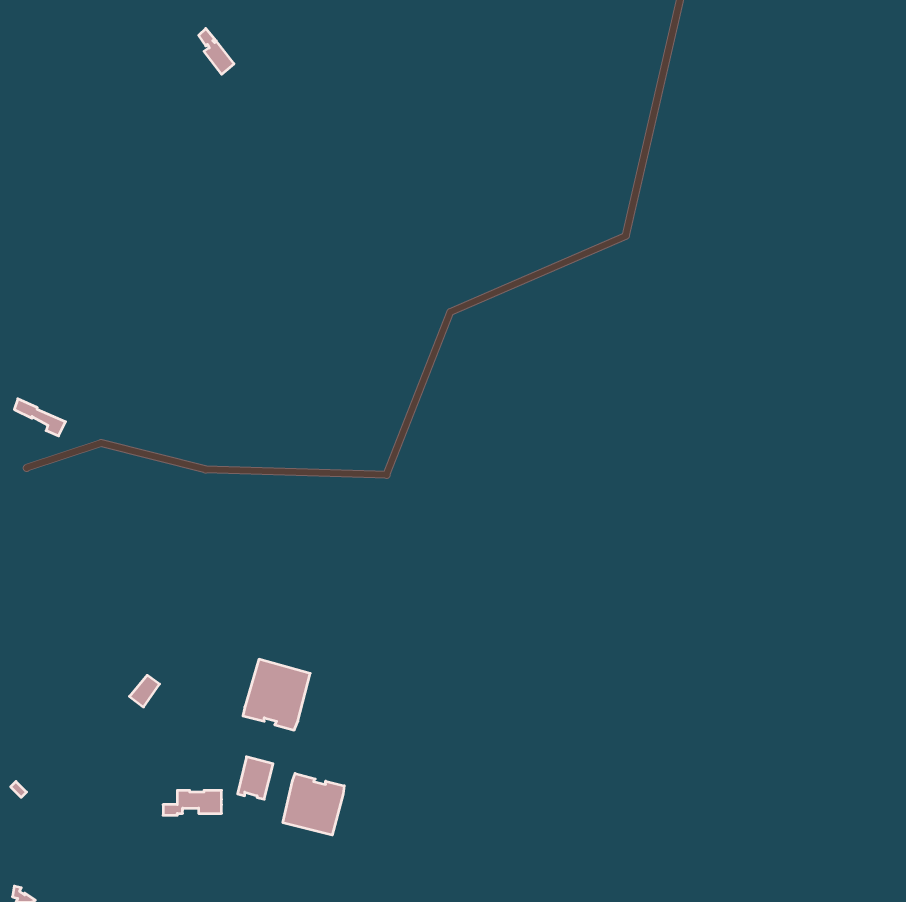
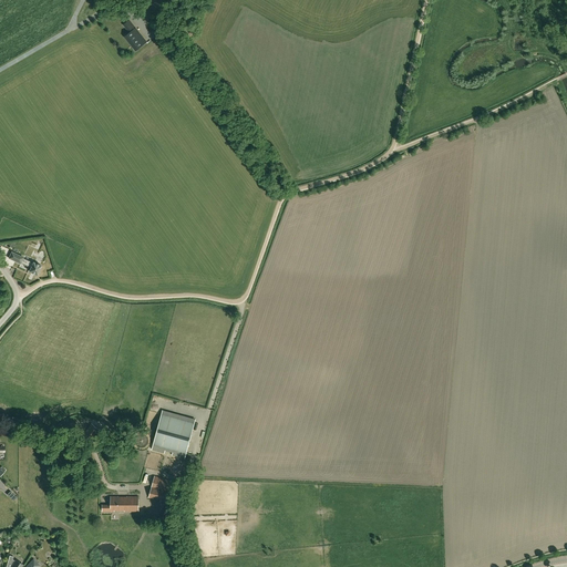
building: [283,773,344,835] -> none

